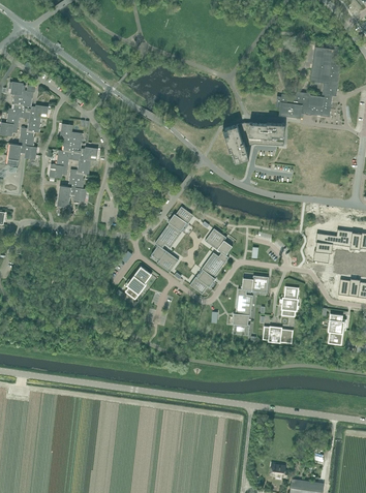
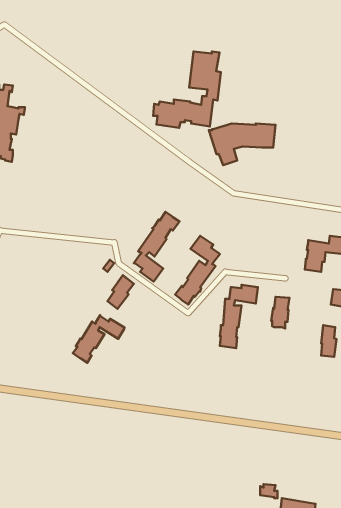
building: [276,47,340,119] -> [153,51,221,128]
building: [50,125,97,208] -> none
building: none -> [73,315,124,363]
building: [263,327,293,343] -> none

